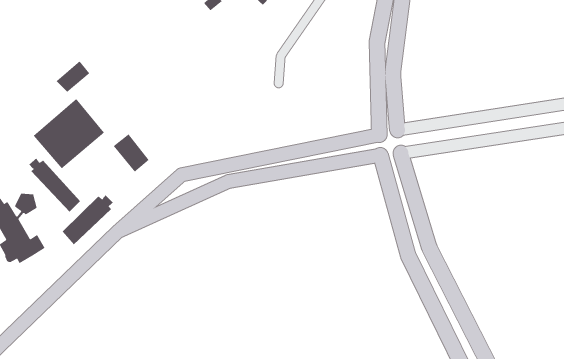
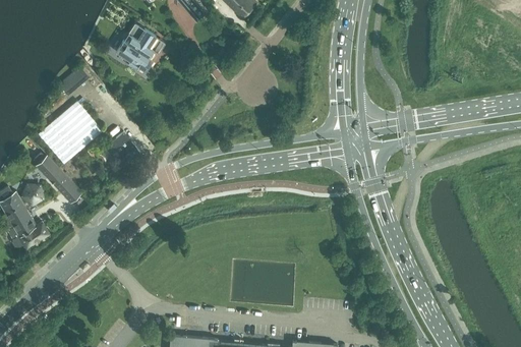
building: none -> [115,24,156,71]
building: [62,194,114,245] -> none

